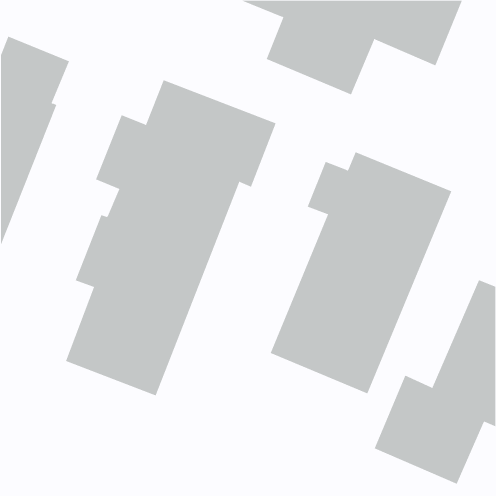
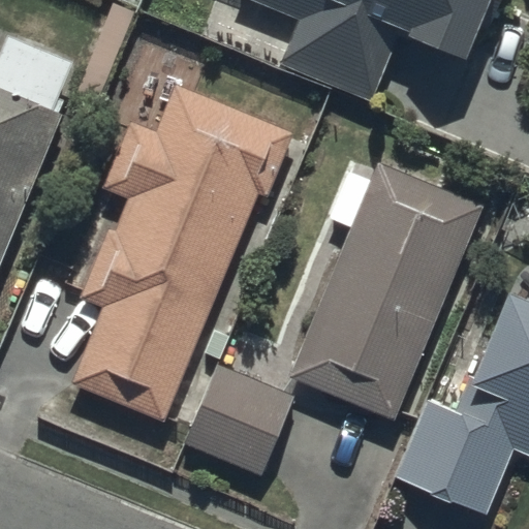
building: none -> [184,366,293,478]

